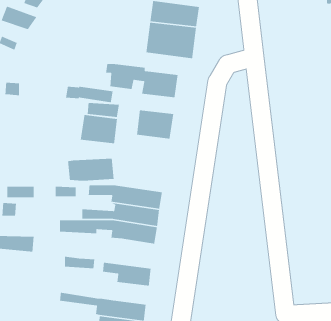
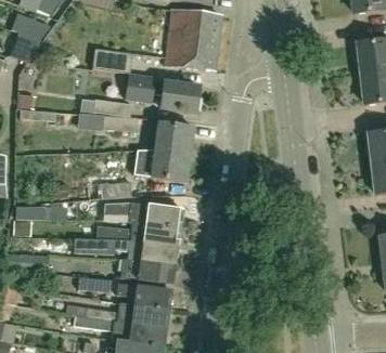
building: none -> [91,50,132,74]
building: [80,114,118,144] -> [150,151,190,182]
building: none -> [120,259,173,285]
building: none -> [74,303,168,328]

